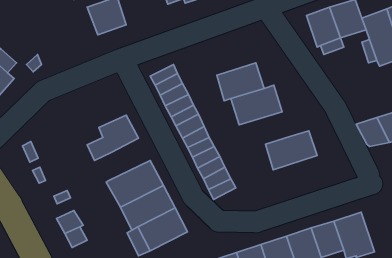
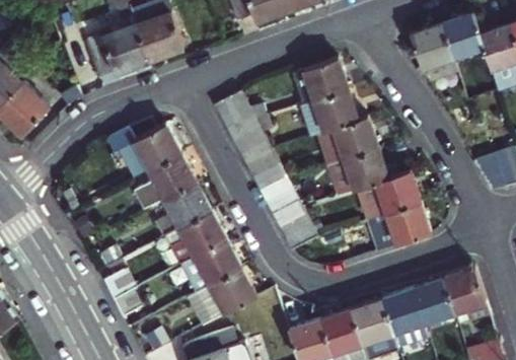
building: none -> [91,20,152,71]
building: none -> [293,60,345,102]
building: none -> [124,122,187,175]
building: none -> [324,148,386,195]
building: none -> [159,181,216,232]
building: none -> [366,202,430,253]

